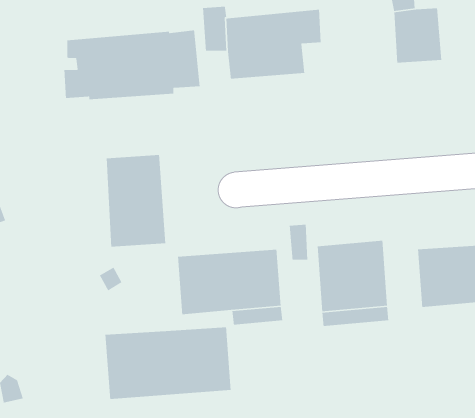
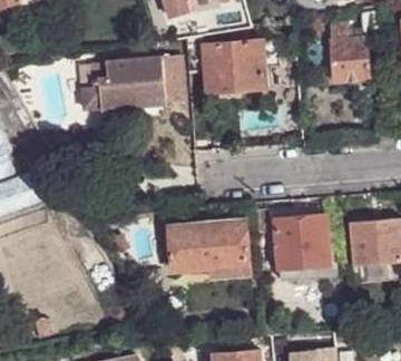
building: [106,154,166,248] -> none
building: [105,326,231,400] -> none

